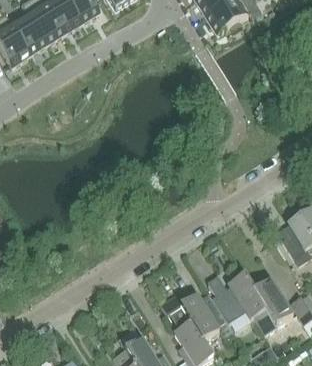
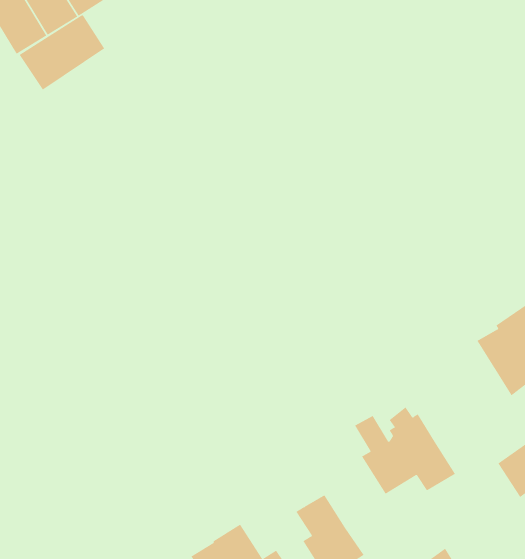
building: none -> [19,13,106,90]
building: [254,280,294,333] -> none
building: [162,290,234,340] -> none

